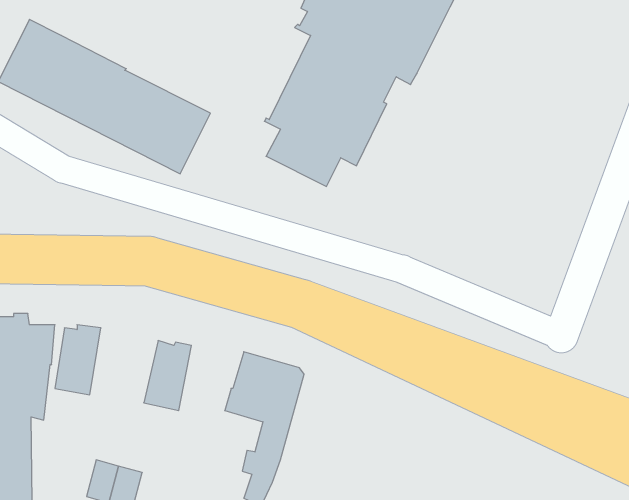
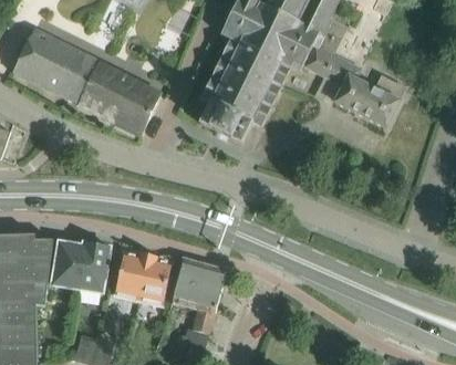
building: none -> [304,18,405,126]
building: none -> [76,241,110,291]
building: none -> [138,253,172,304]

